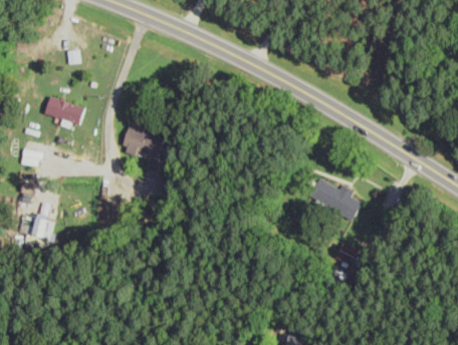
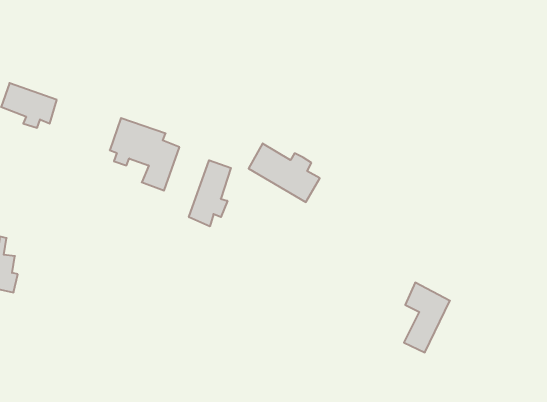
building: none -> [189,160,231,226]
building: [308,175,360,217] -> [249,143,320,202]

